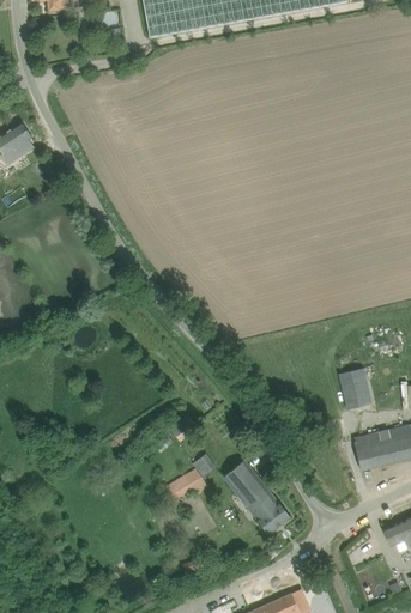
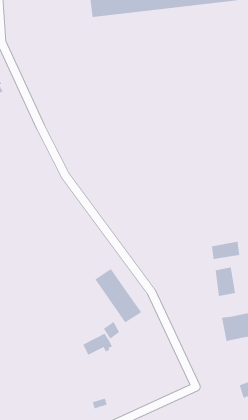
building: none -> [211,241,240,260]
building: [223,460,291,534] -> [95,268,142,323]

